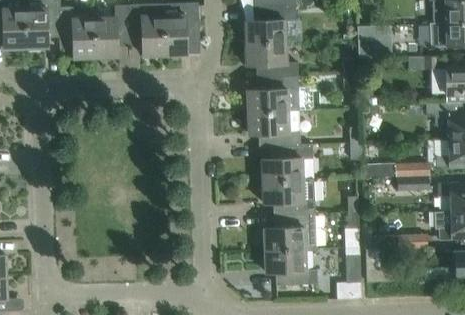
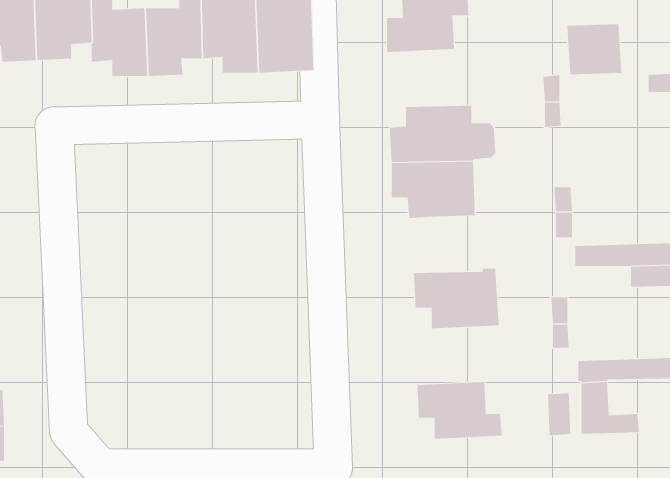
building: [244,41,298,77] -> none
building: [260,143,313,181] -> none
building: [263,214,316,251] -> none

